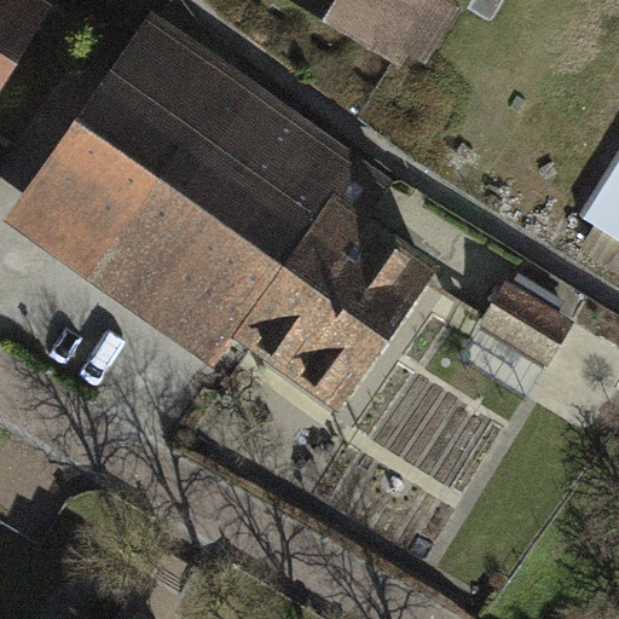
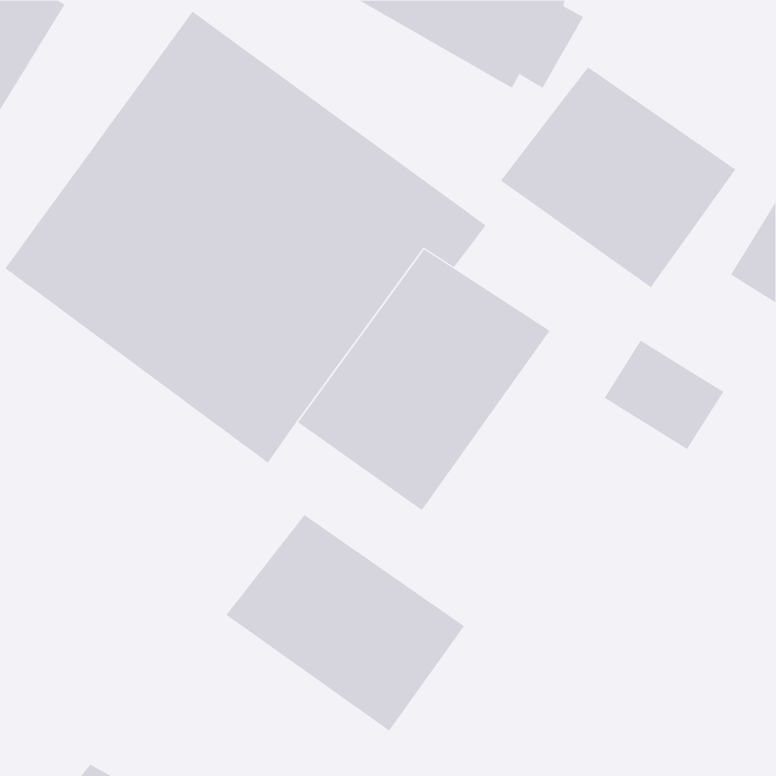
building: none -> [500,66,736,288]
building: none -> [226,514,465,732]

